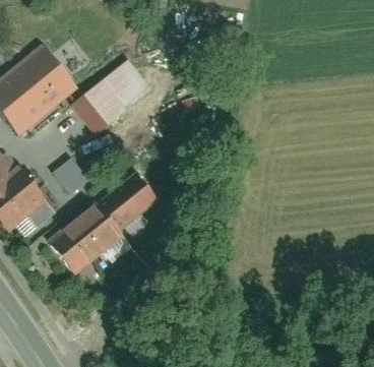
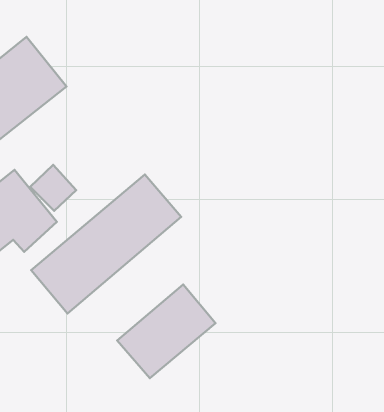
building: [73,64,146,132] -> none
building: none -> [117,284,216,378]

